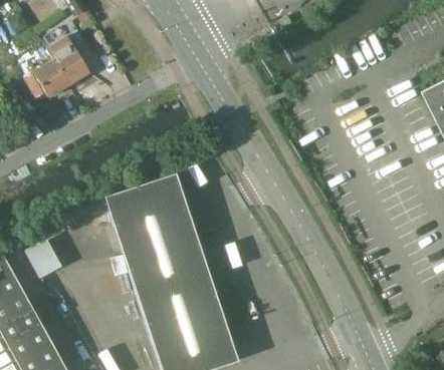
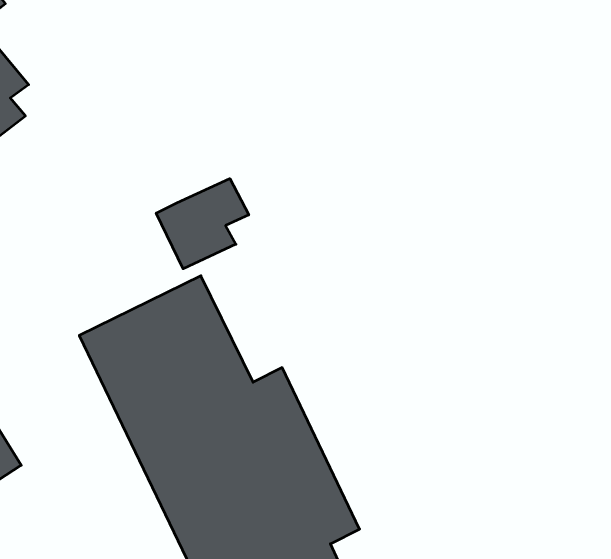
building: none -> [156,179,249,269]

